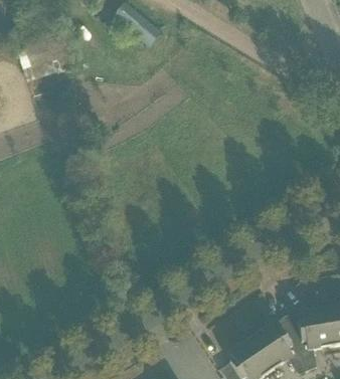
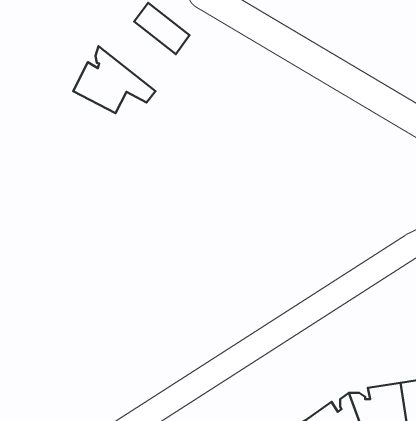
building: none -> [73,46,155,113]

